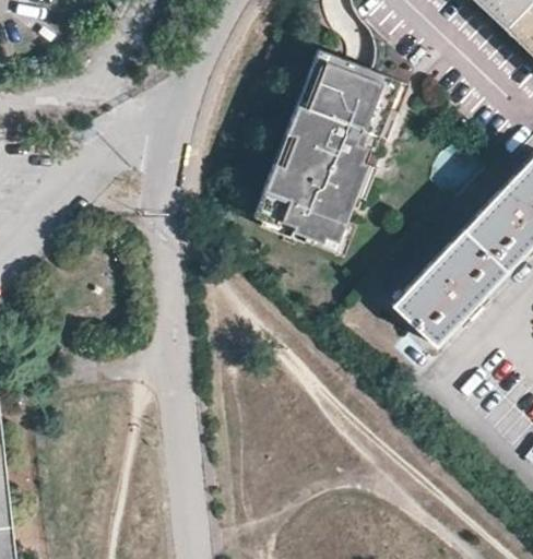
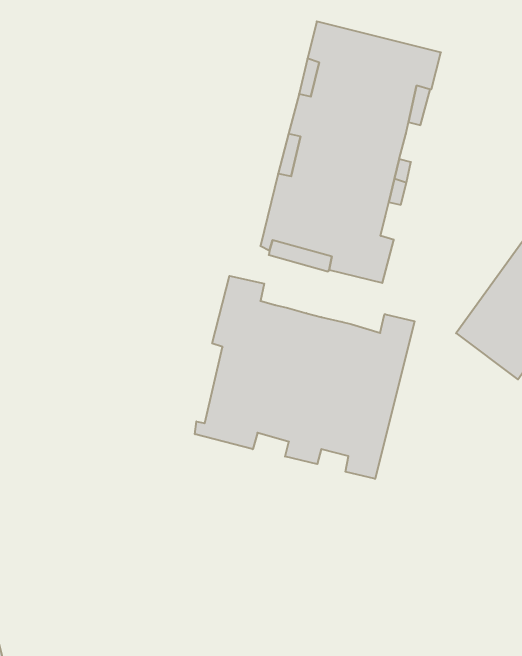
building: none -> [195,276,415,479]

